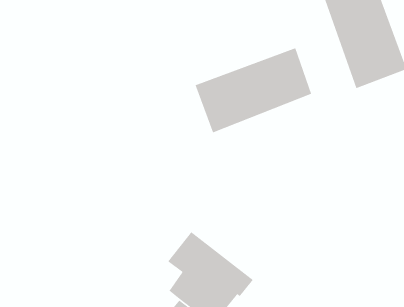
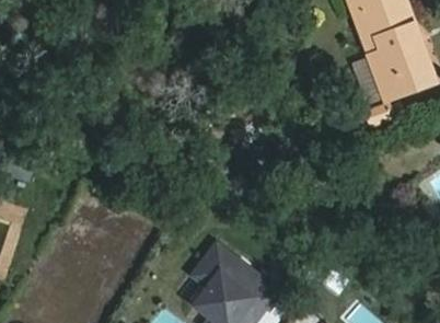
building: [195,47,312,133] -> none

